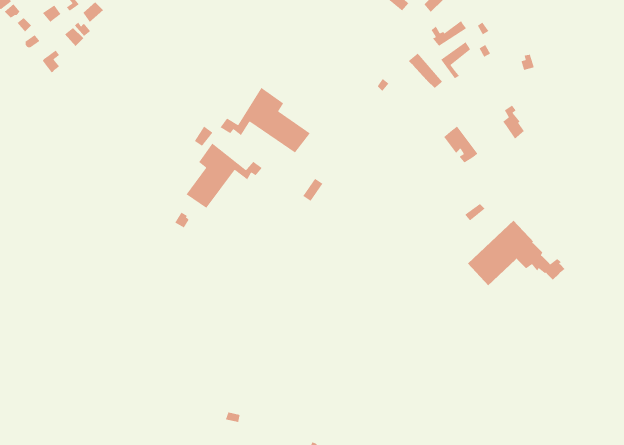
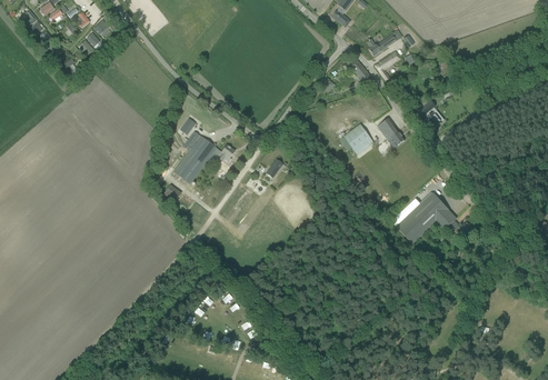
building: [220,87,311,154] -> none
building: none -> [342,122,373,154]

